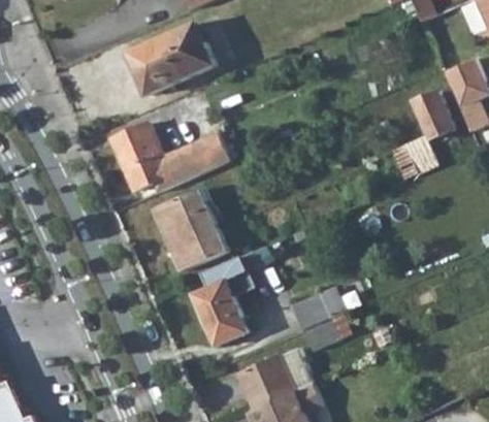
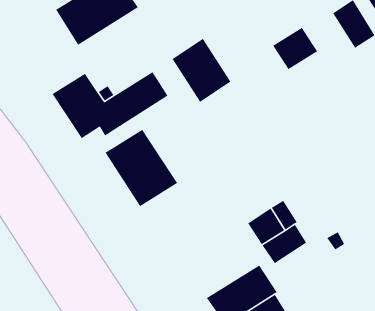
building: none -> [172,38,231,103]
building: [389,135,435,177] -> [272,27,318,70]
building: [192,257,254,346] -> none

